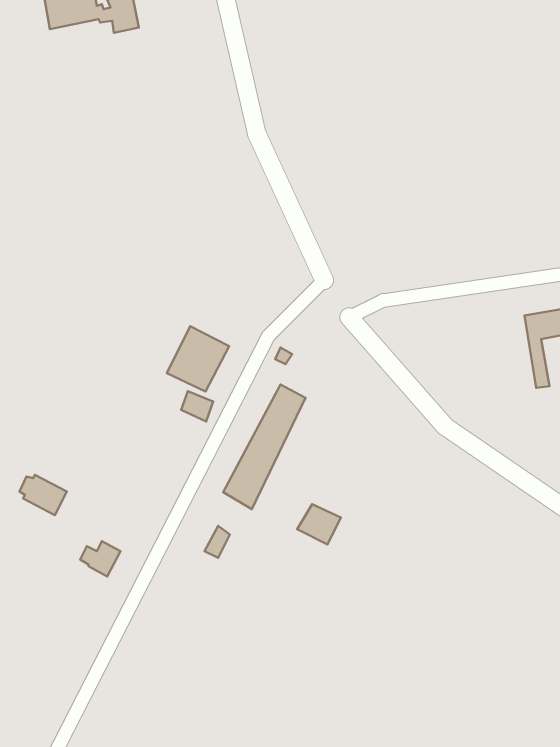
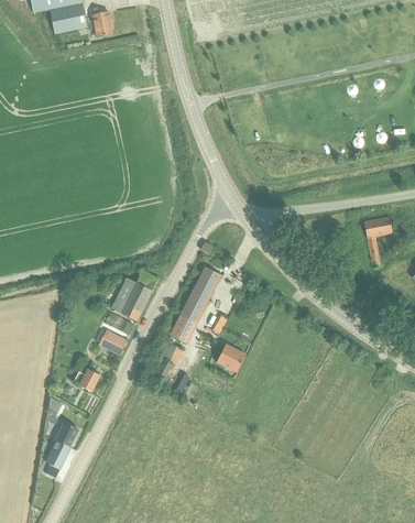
building: [167,326,229,392] -> [110,276,151,319]
building: [20,475,67,515] -> [96,328,127,355]
building: none -> [45,421,78,476]

